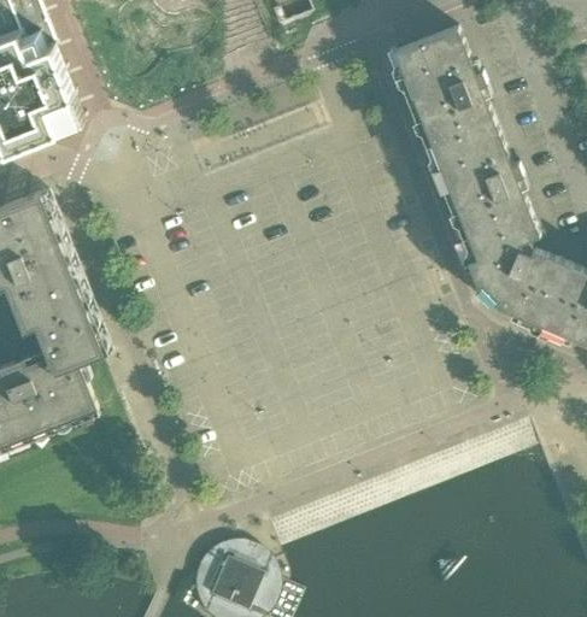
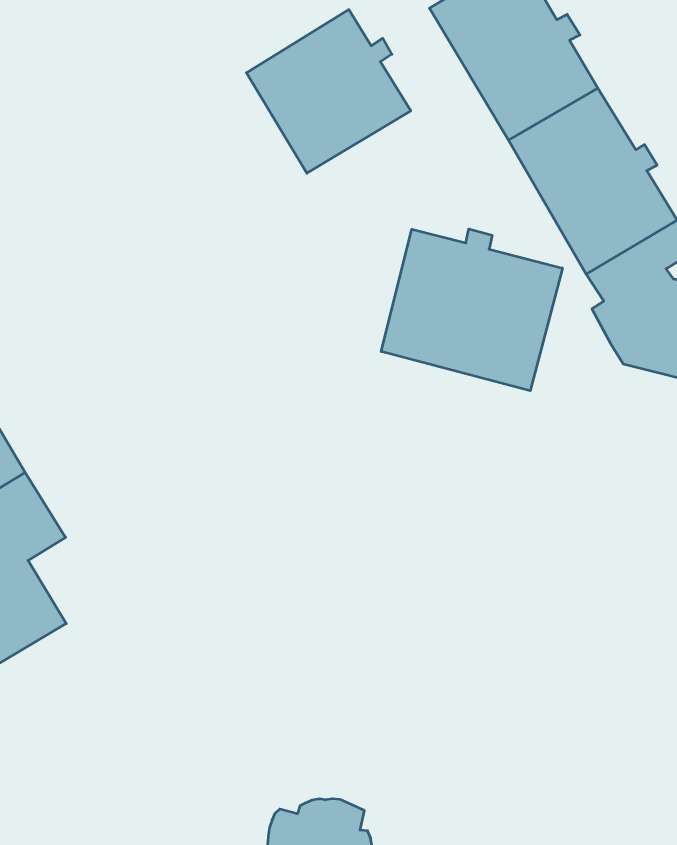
building: none -> [246,10,411,173]
building: none -> [381,229,562,391]

